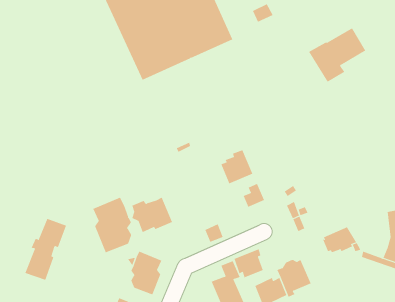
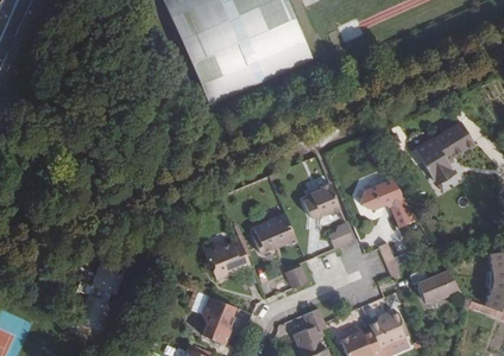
building: [308,27,366,82] -> [409,121,474,183]
building: none -> [355,179,414,228]
building: none -> [251,214,295,253]
building: [93,197,132,253] -> none
building: [234,248,263,278] -> none

